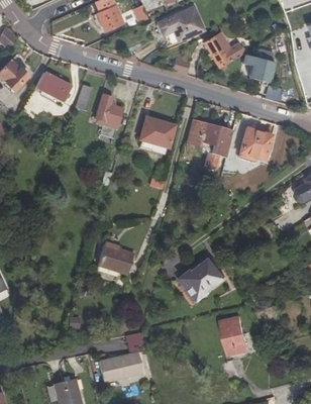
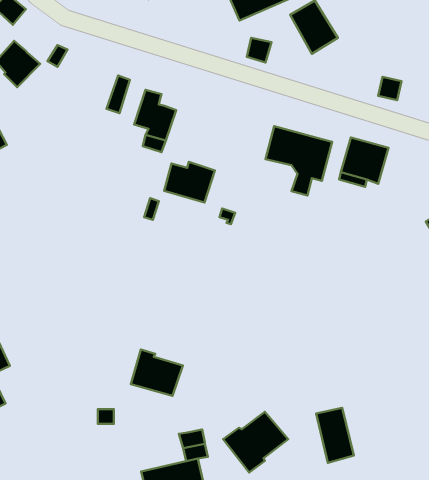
building: [248,56,275,83] -> none
building: [42,75,71,101] -> none
building: [140,119,176,147] -> [164,162,215,202]
building: [98,241,134,274] -> [131,350,183,396]
building: [182,258,227,300] -> [223,412,288,473]

